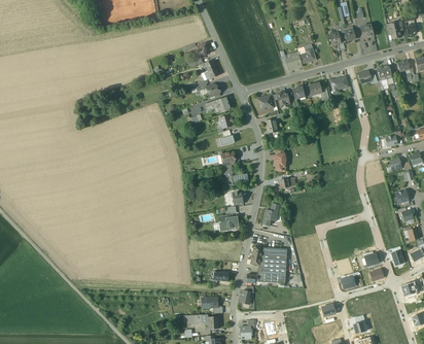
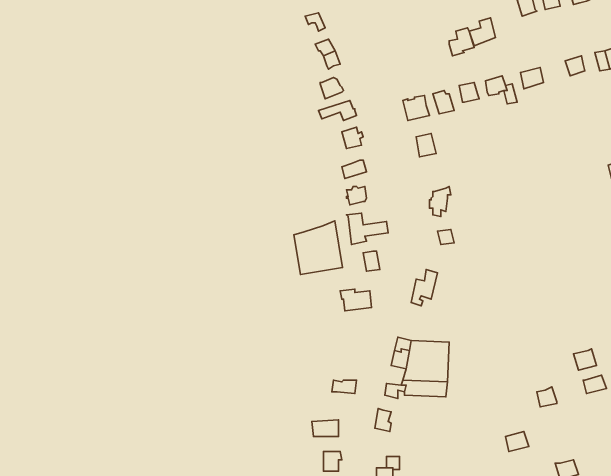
building: none -> [294,221,342,274]

